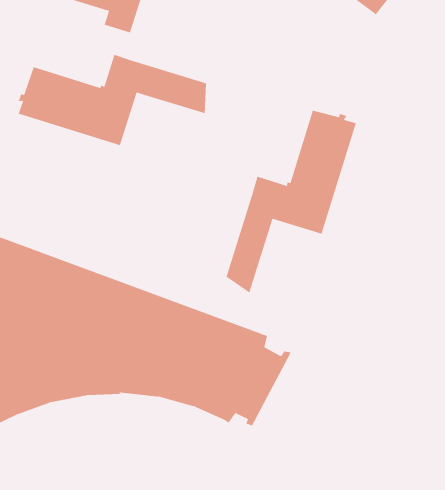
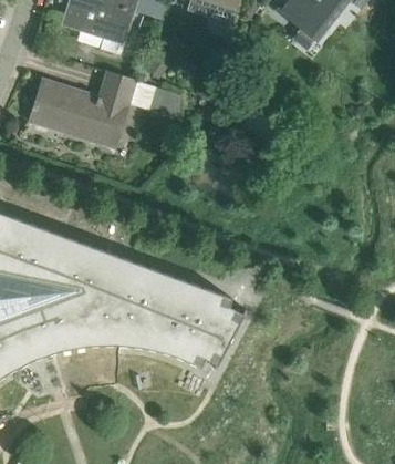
building: [226,110,356,293] -> none

